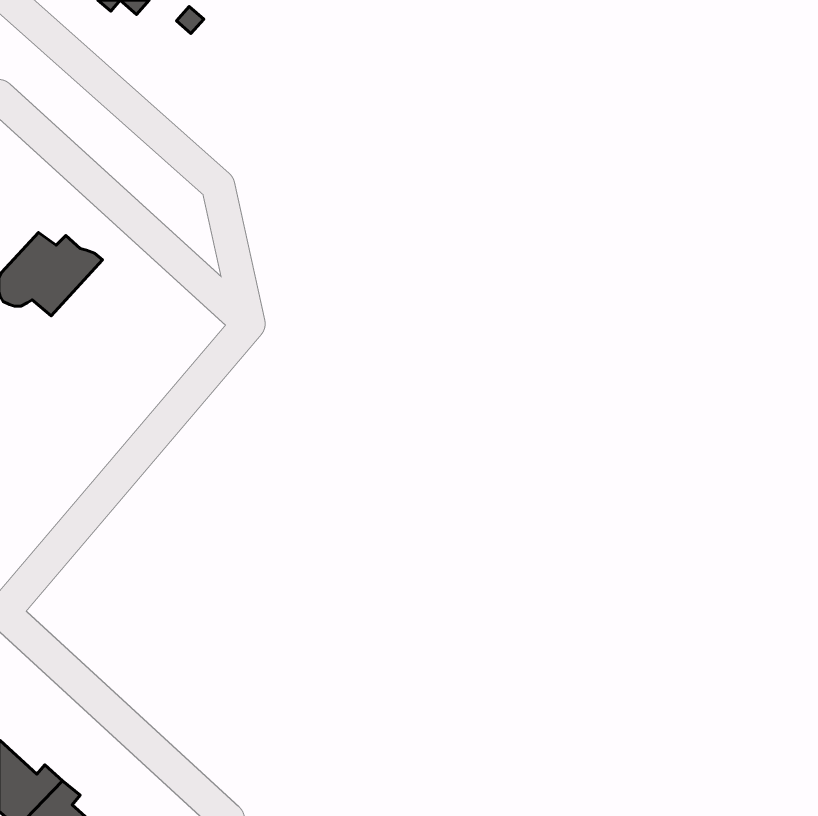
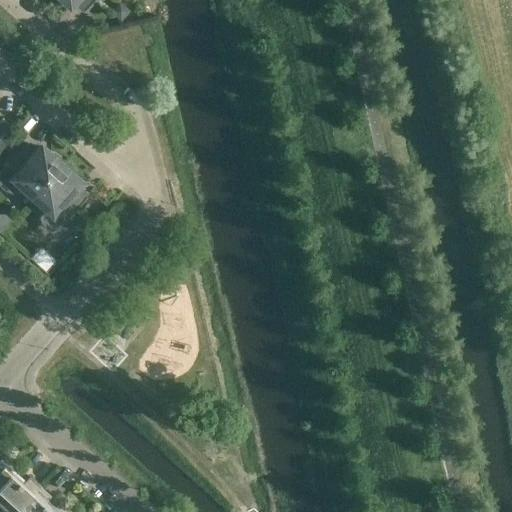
building: none -> [32,164,85,230]

